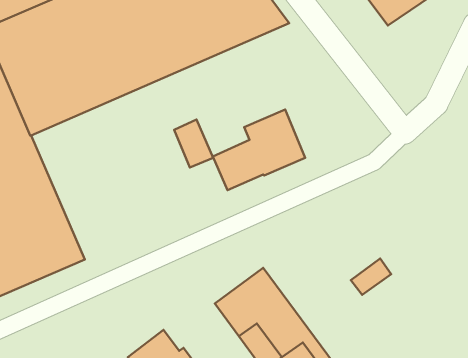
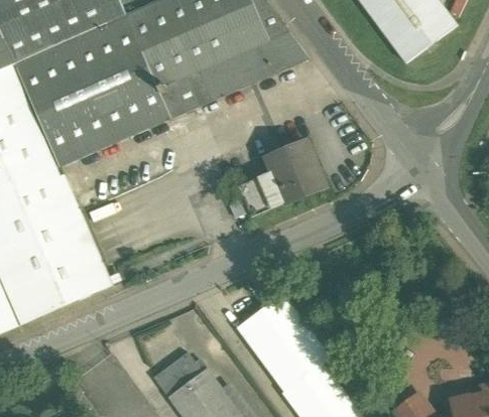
building: [174,120,213,167] -> none
building: [351,259,391,295] -> none

